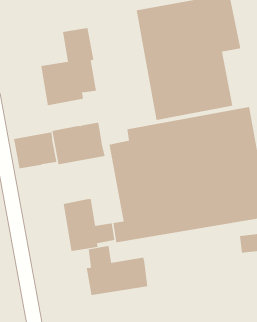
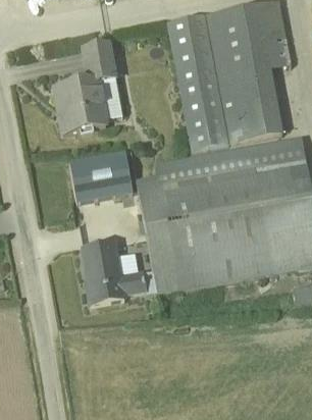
building: [14,131,57,169] -> none
building: [86,245,148,296] -> none

